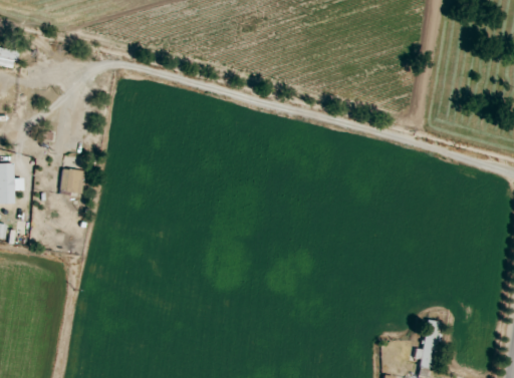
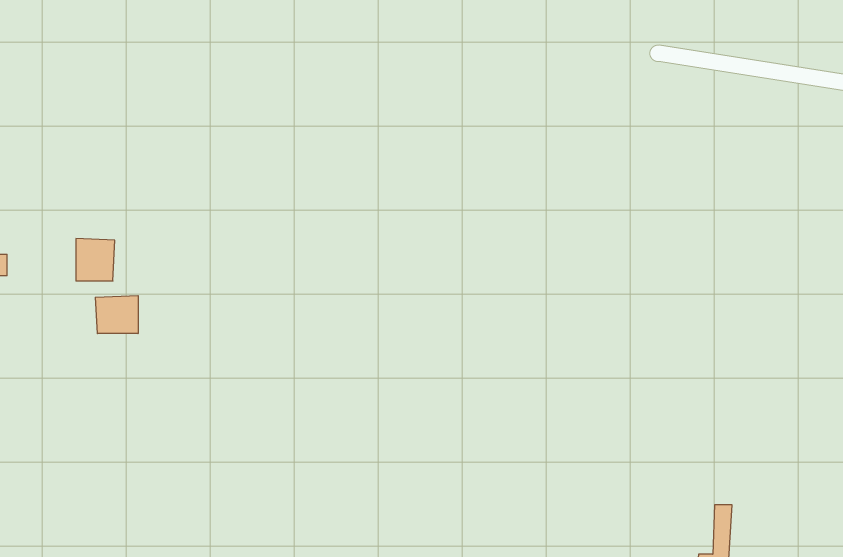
building: none -> [95,296,138,334]

